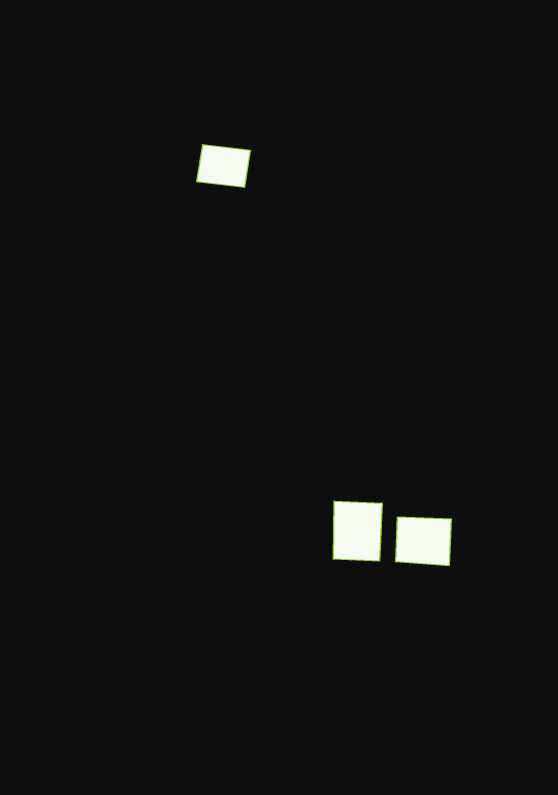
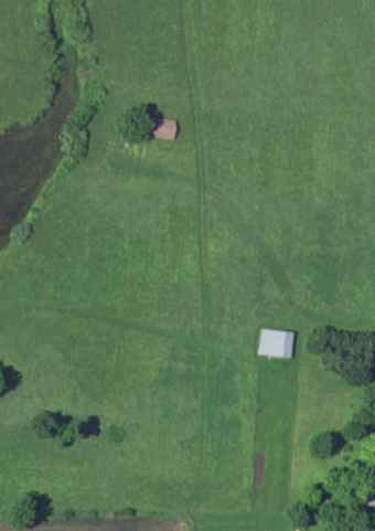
building: [333,501,382,561] -> none

